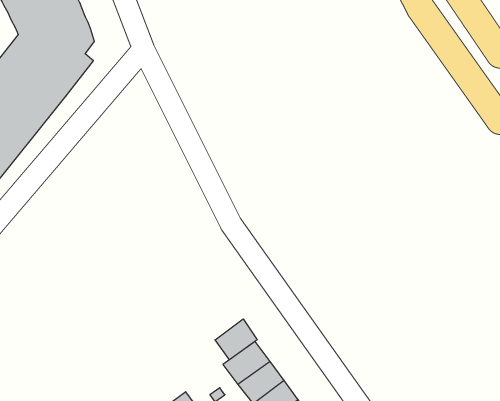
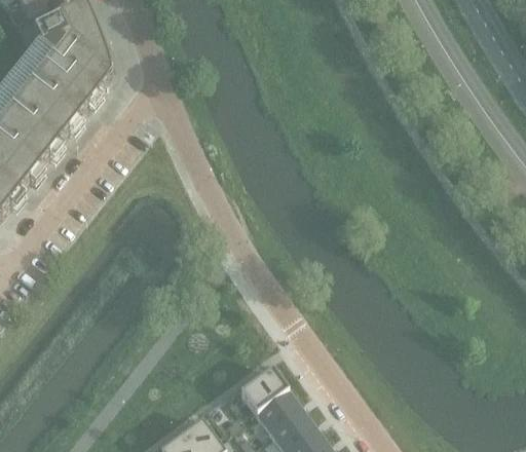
building: [215,319,257,360] -> none

